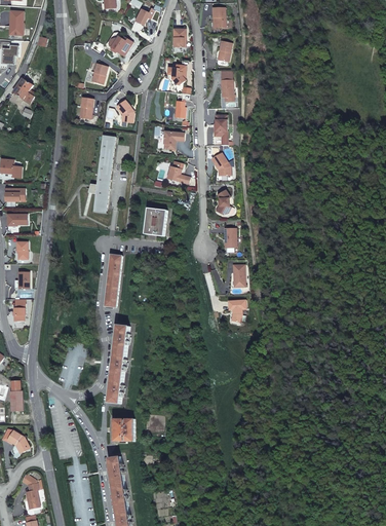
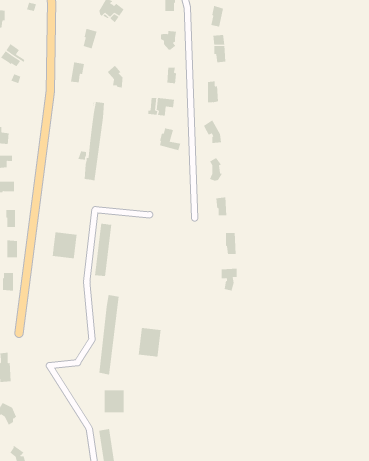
building: [145,208,166,235] -> none
building: none -> [52,231,77,259]
building: none -> [138,327,161,357]

